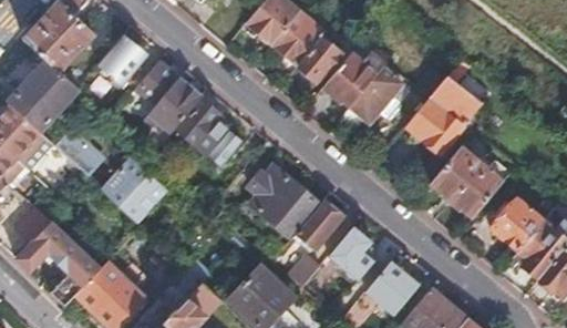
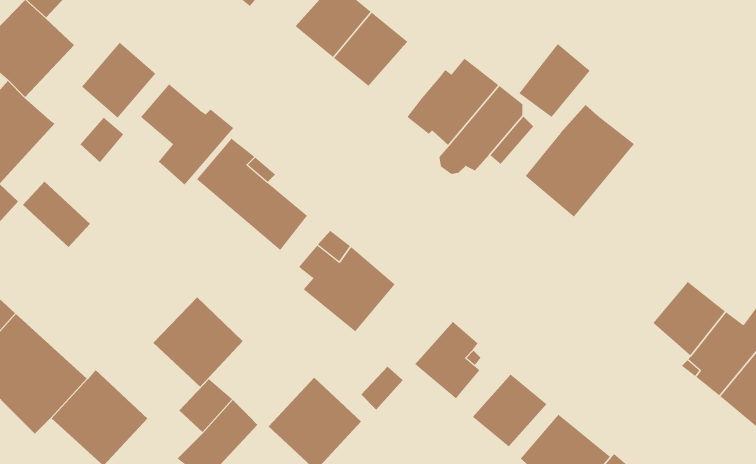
building: none -> [518,43,591,118]
building: [296,35,346,79] -> none
building: [430,145,503,217] -> none
building: [102,156,165,219] -> [152,297,243,388]
building: [293,203,341,252] -> none

